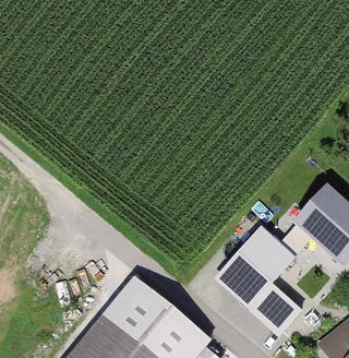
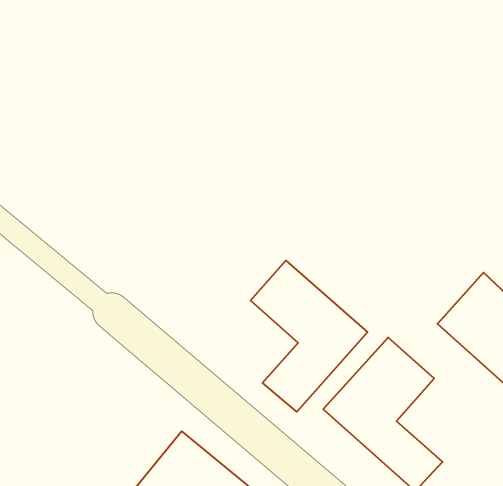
building: none -> [251,261,367,412]

